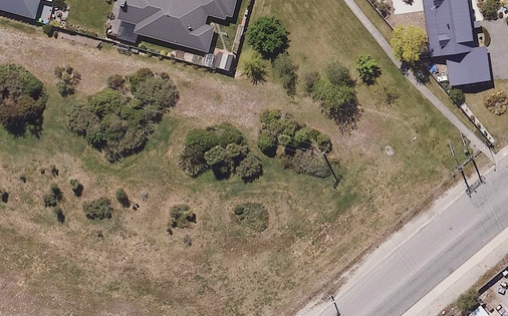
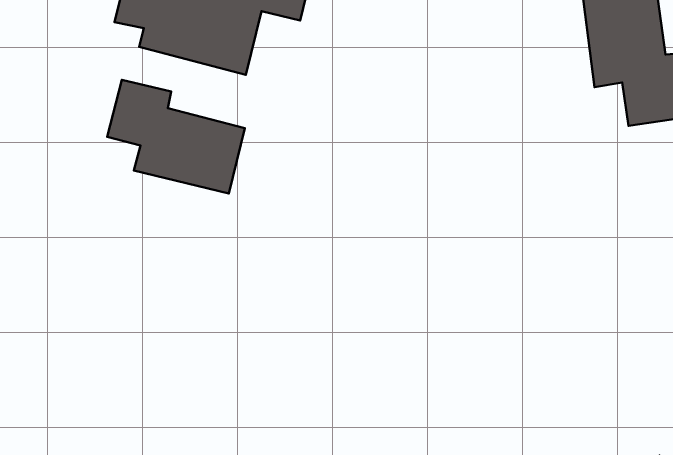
building: none -> [107,80,245,194]

